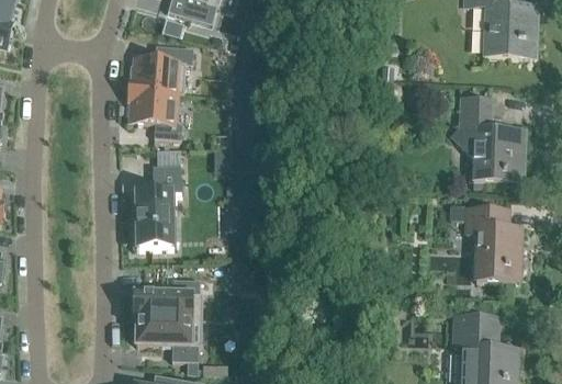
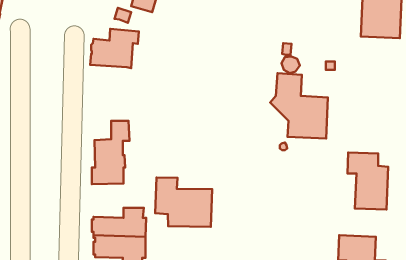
building: [127,91,180,138] -> none
building: [450,95,526,181] -> [270,73,328,138]
building: none -> [155,178,212,227]

